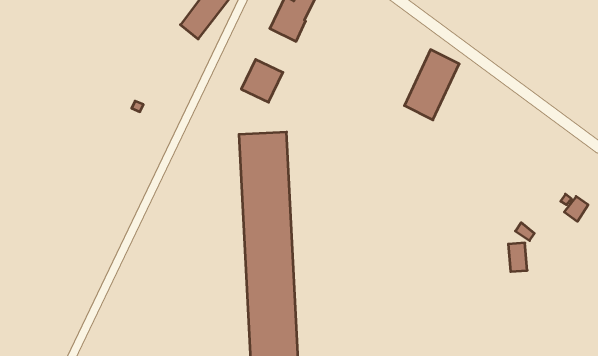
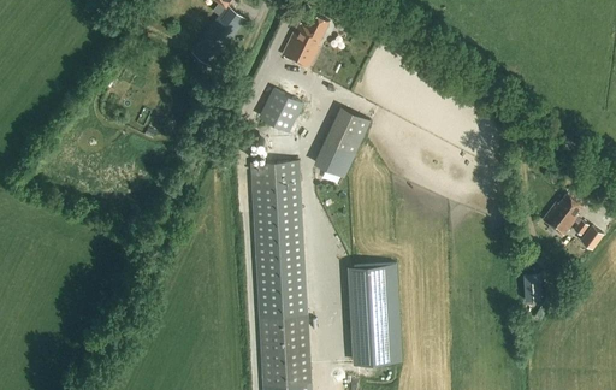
building: [404,50,459,120] -> [314,107,369,178]
building: none -> [541,193,582,236]
building: none -> [354,262,401,362]

